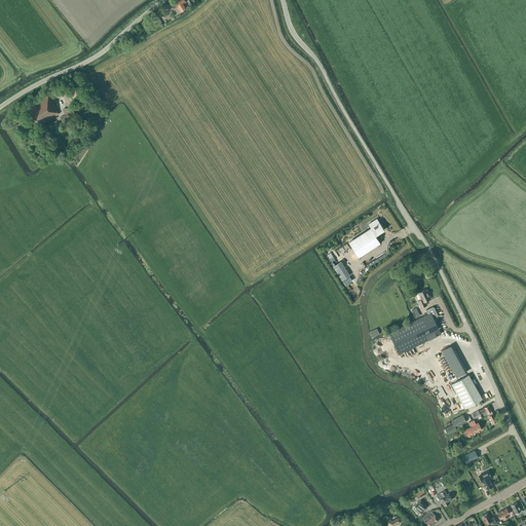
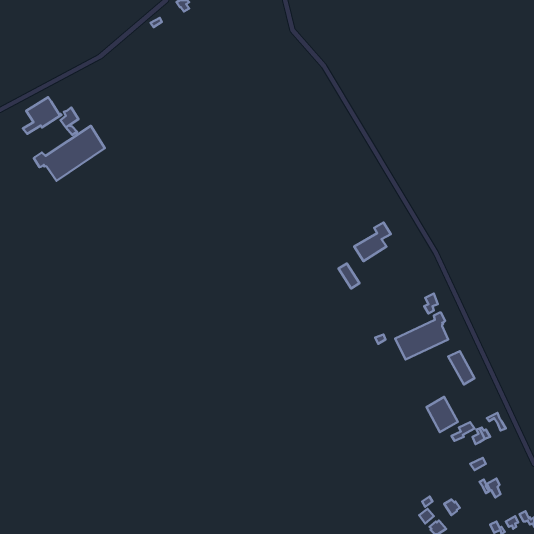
building: none -> [34,126,105,181]
building: [451,374,482,409] -> [426,397,458,432]

